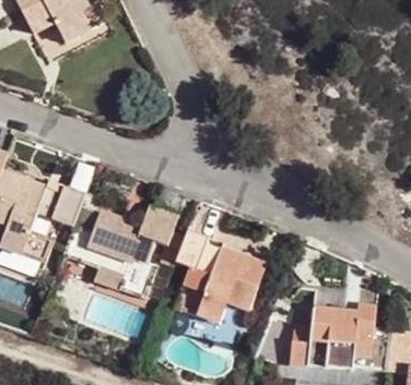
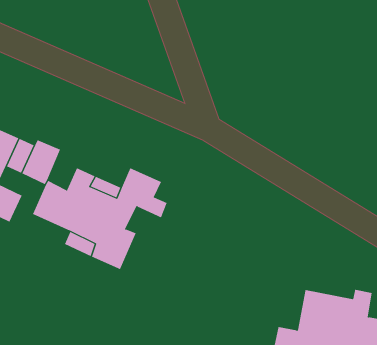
building: [174,228,266,323] -> none

